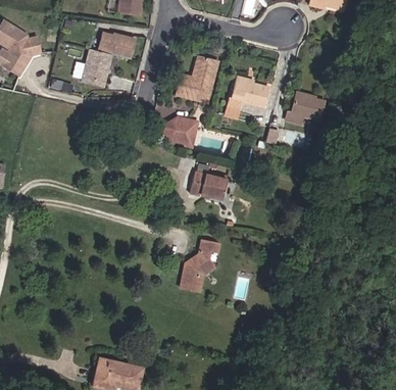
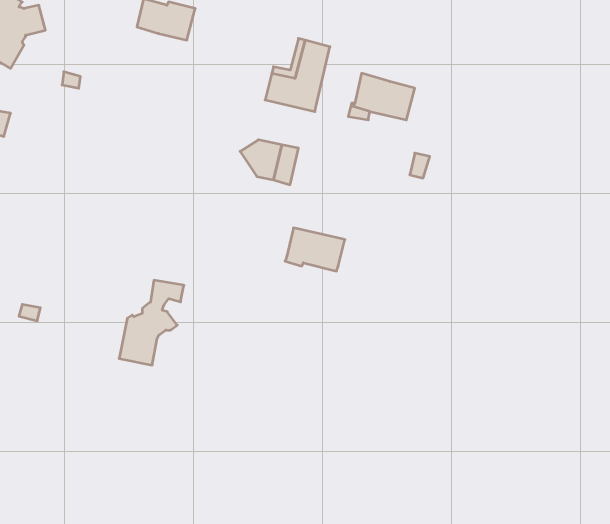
building: [80,48,111,87] -> none
building: [285,94,324,124] -> none
building: [179,239,218,291] -> [119,280,184,365]

